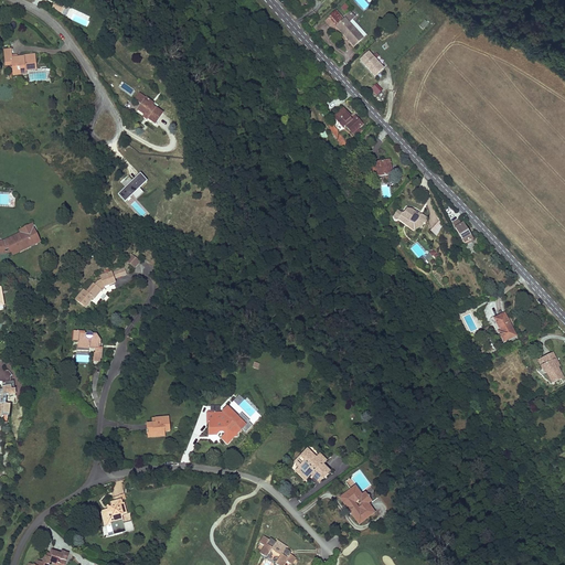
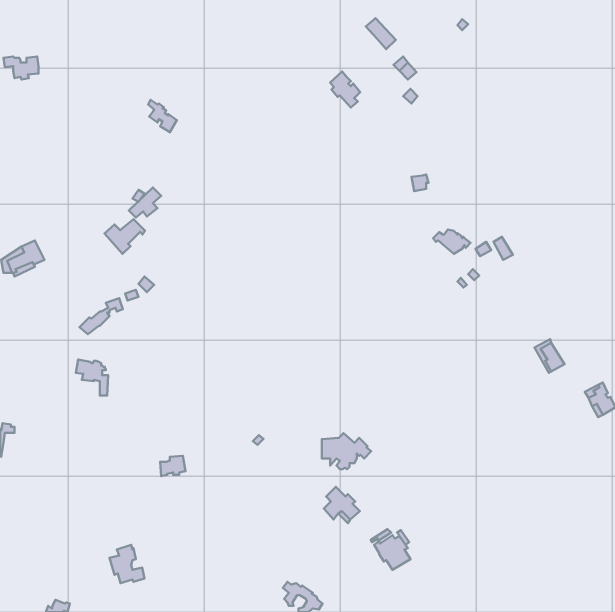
building: [333,105,361,138] -> [330,72,360,108]
building: none -> [105,219,145,254]
building: [207,404,253,437] -> [322,433,371,469]

